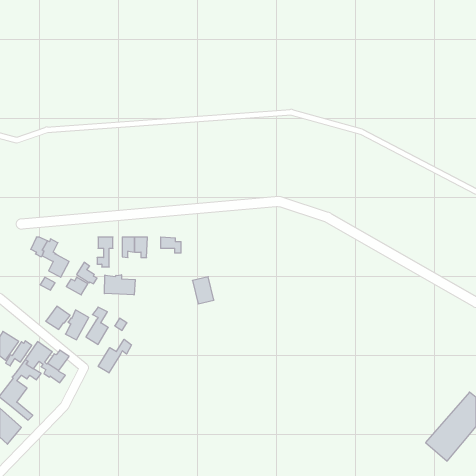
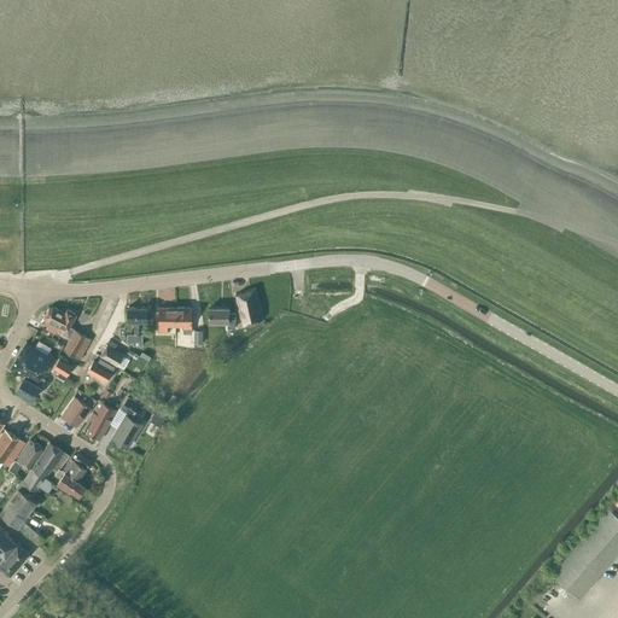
building: none -> [8,343,54,401]
building: [104,275,135,295] -> none
building: [192,277,214,304] -> [234,291,262,326]
building: [98,339,131,373] -> none

